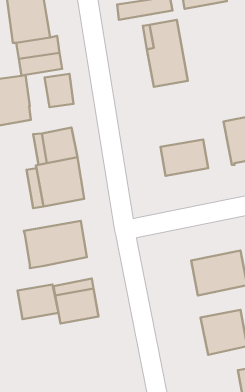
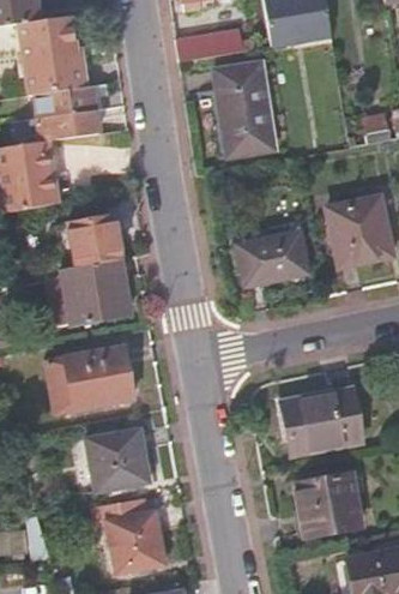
building: [45,74,74,107] -> none
building: [18,284,59,319] -> none
building: none -> [109,511,164,571]

